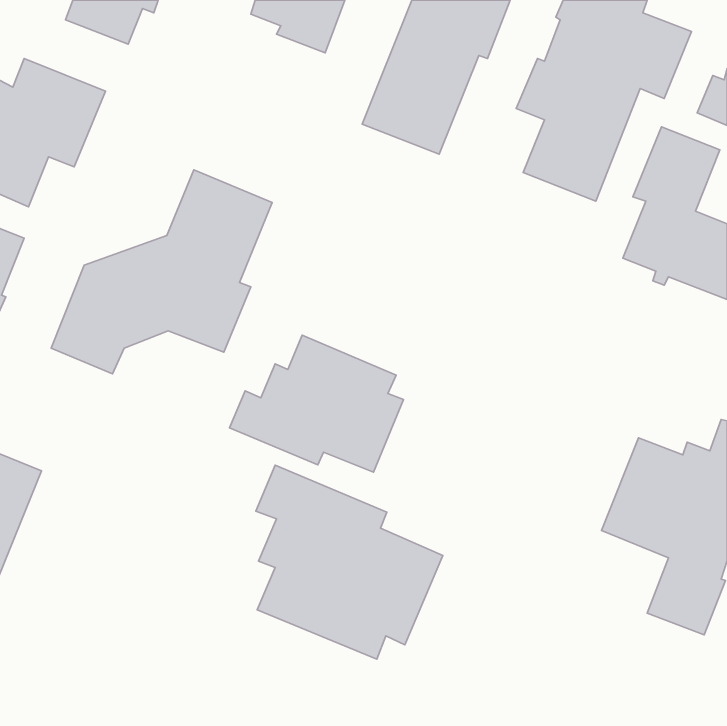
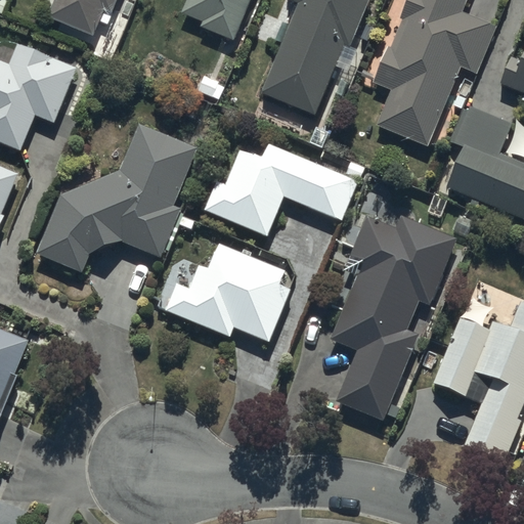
building: none -> [204,142,362,235]
building: none -> [331,215,455,419]
building: [256,465,443,659] -> none

